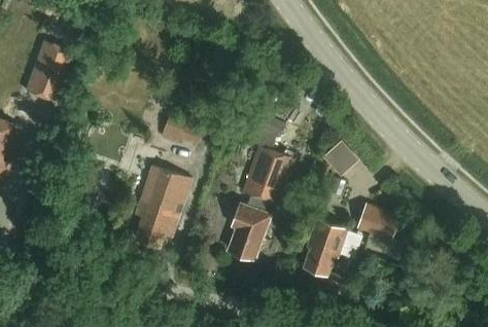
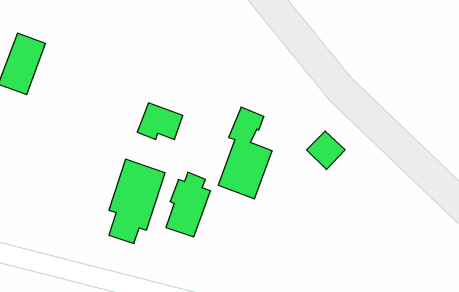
building: [228,195,272,259] -> [166,172,211,237]
building: [359,204,403,242] -> none
building: [306,217,348,272] -> none

